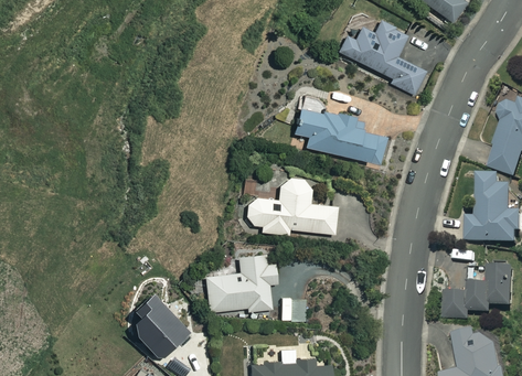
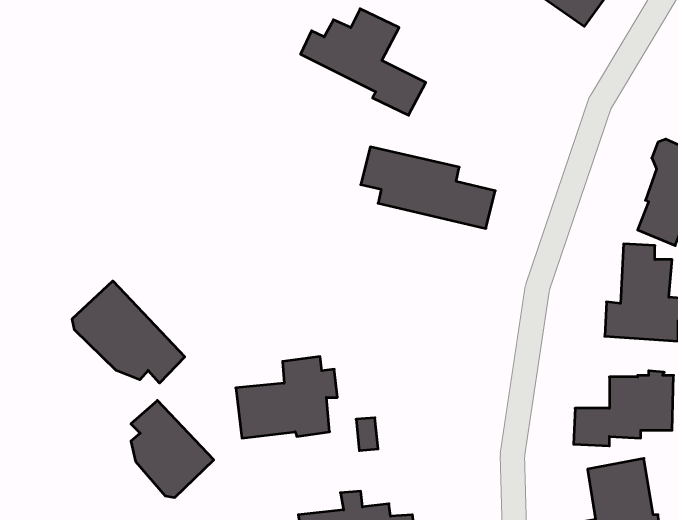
building: [338,20,426,95] -> [301,9,426,115]
building: [245,178,337,235] -> none
building: none -> [72,281,185,383]

